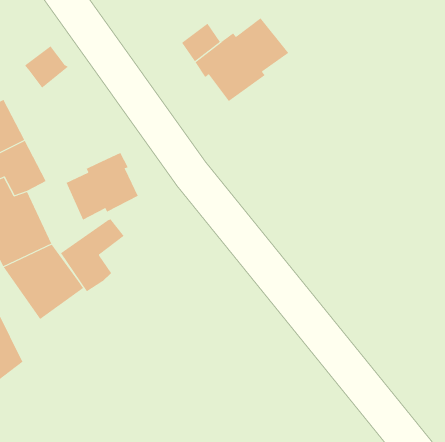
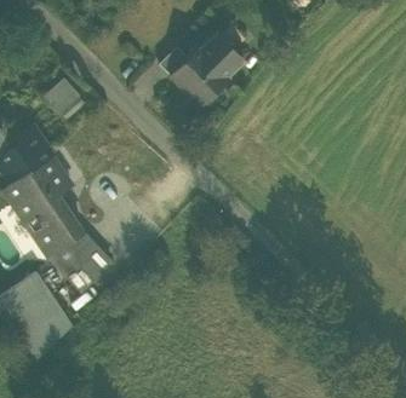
building: [66,152,139,220] -> none
building: [60,219,124,292] -> none

